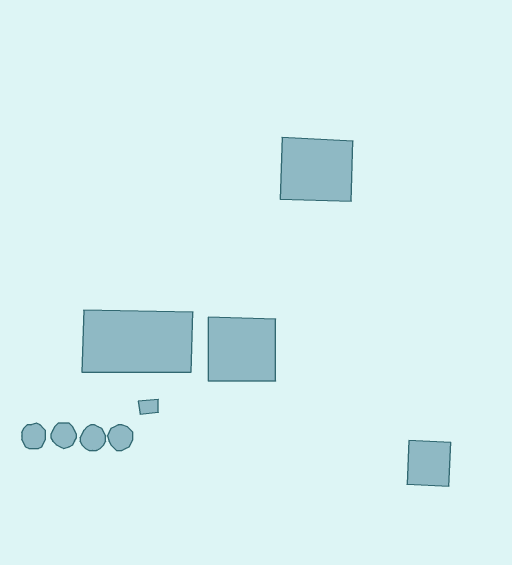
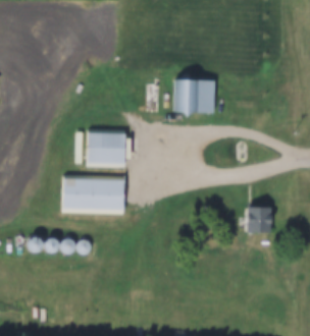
building: [208,317,276,381] -> [87,128,124,164]
building: [407,441,451,486] -> [247,209,271,234]

